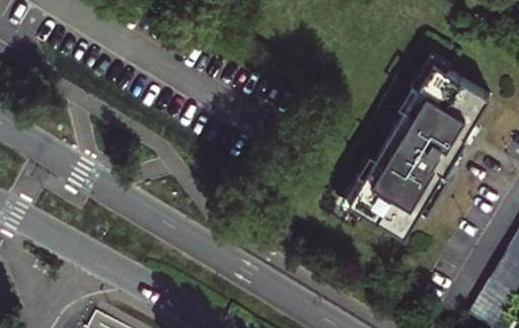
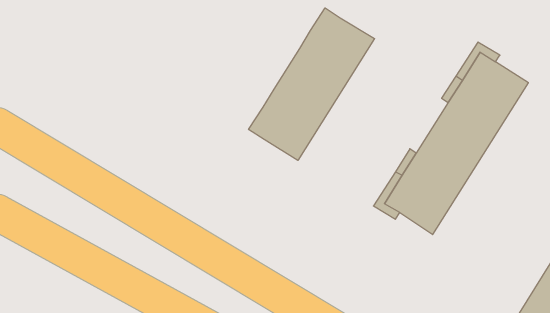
building: none -> [249,8,375,160]

